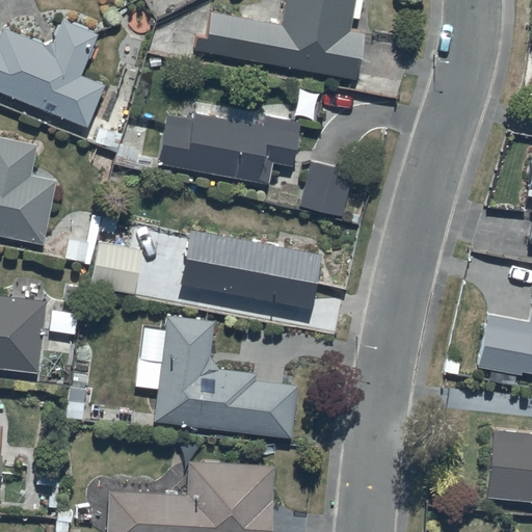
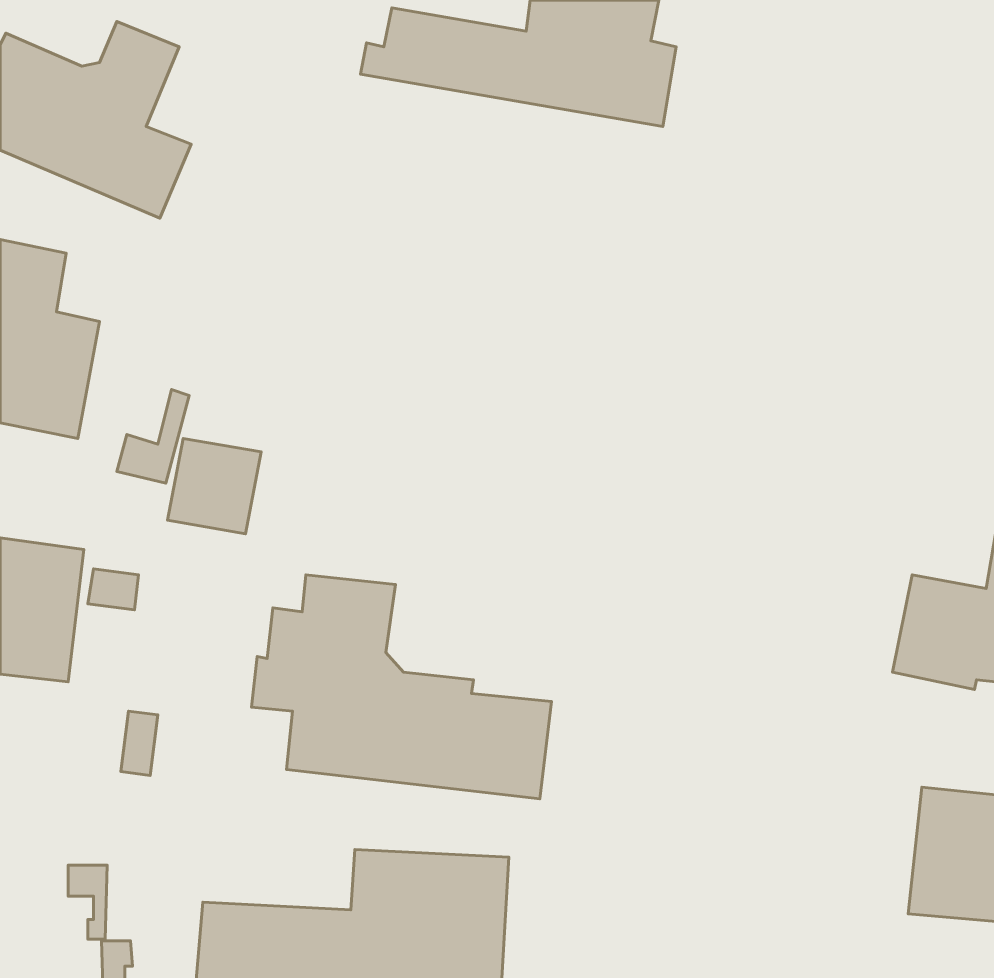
building: [157,103,300,185] -> none
building: [300,163,350,217] -> none
building: [179,228,321,307] -> none

